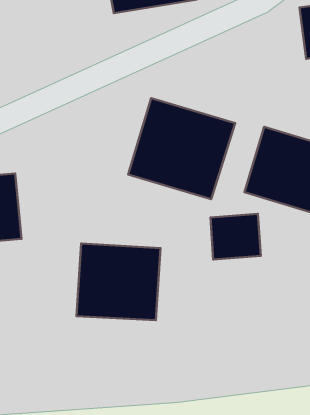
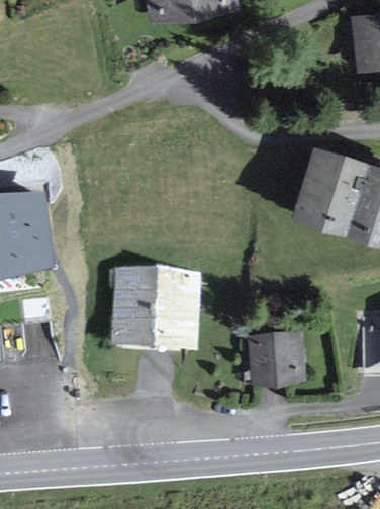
building: [128,98,235,199] -> none
building: [210,214,261,260] -> [249,333,303,383]

